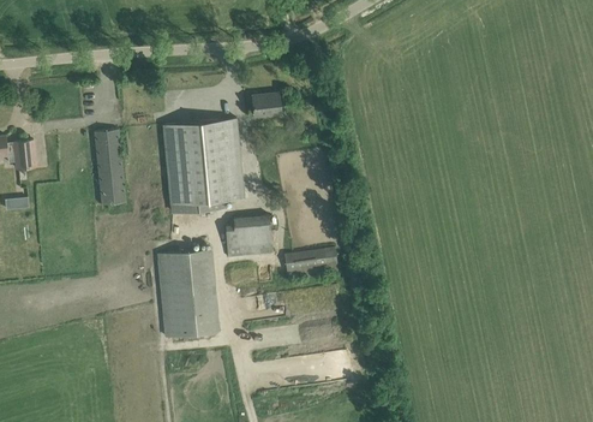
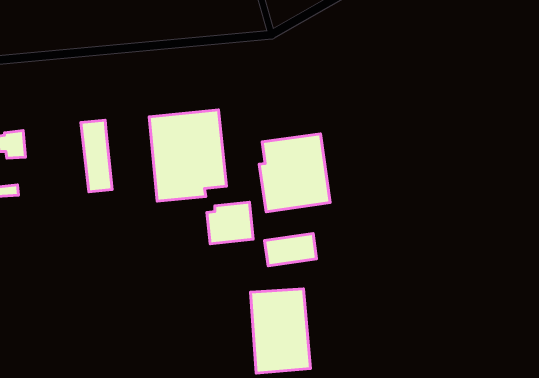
building: [251,93,280,117] -> none
building: none -> [259,134,330,212]
building: [157,251,220,339] -> [250,289,310,373]

